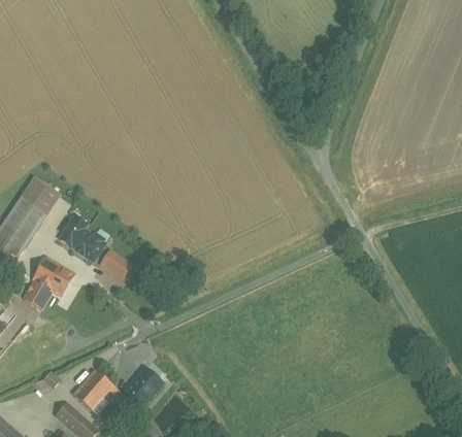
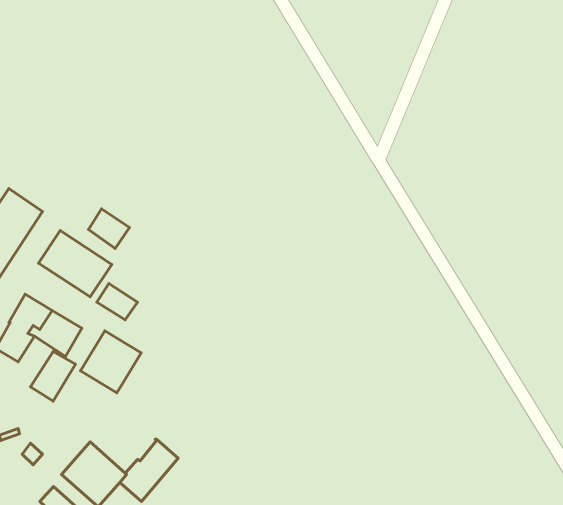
building: none -> [88,209,130,249]
building: none -> [80,331,141,393]
building: none -> [30,351,75,401]

